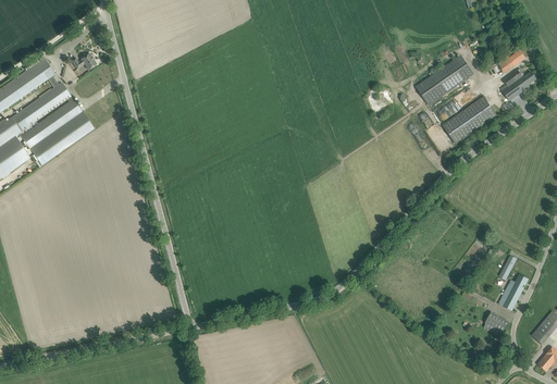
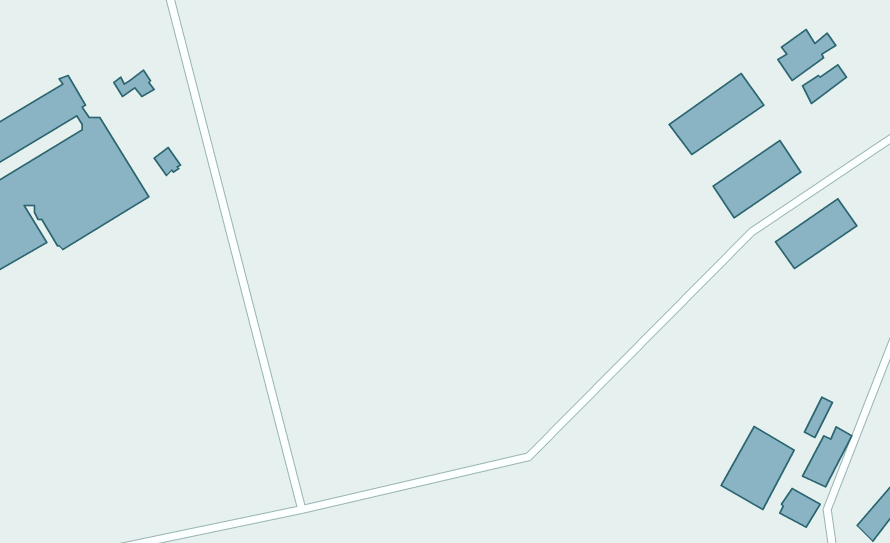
building: [499,69,535,100] -> [778,30,836,81]
building: none -> [776,199,857,268]
building: none -> [721,427,794,509]

